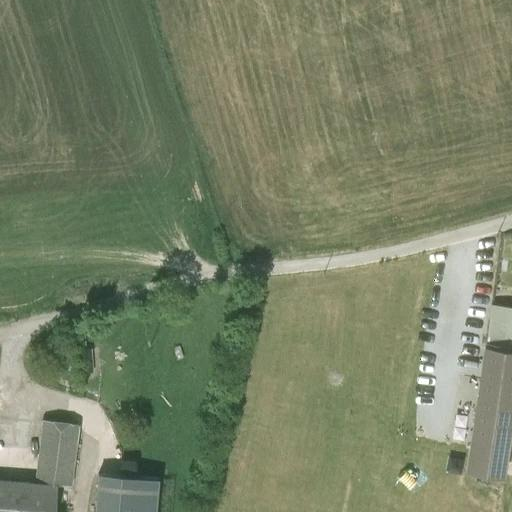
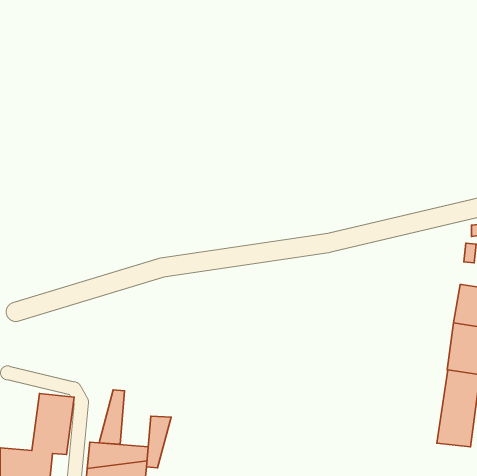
building: none -> [99,390,124,444]
building: none -> [147,416,171,468]

